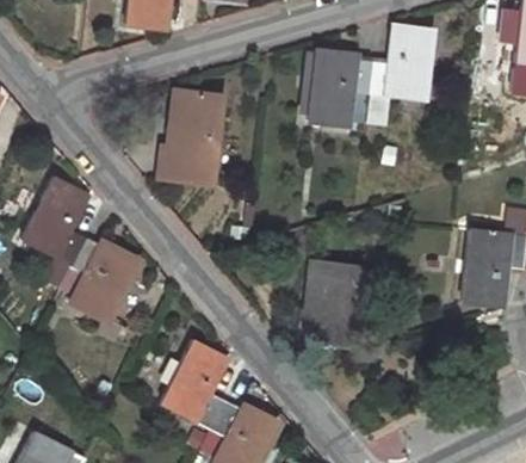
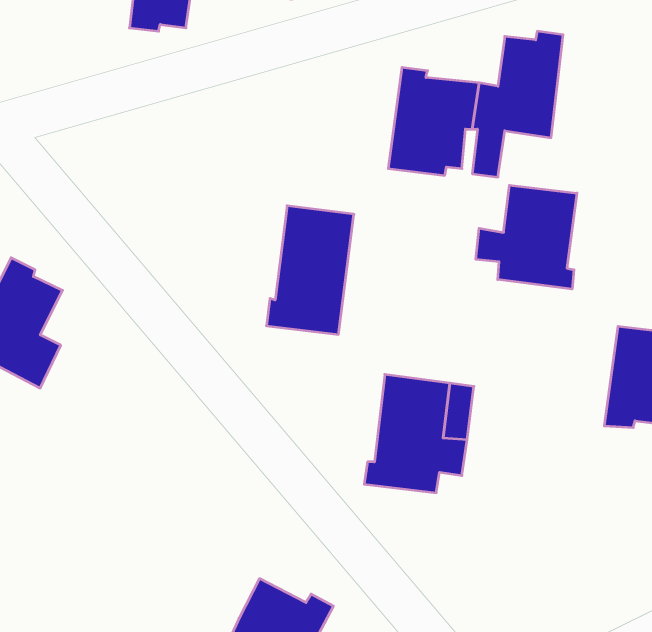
building: [161,92,222,181] -> [266,206,354,334]
building: none -> [476,185,577,289]
building: [60,242,137,328] -> none
building: [159,344,224,432] -> none

